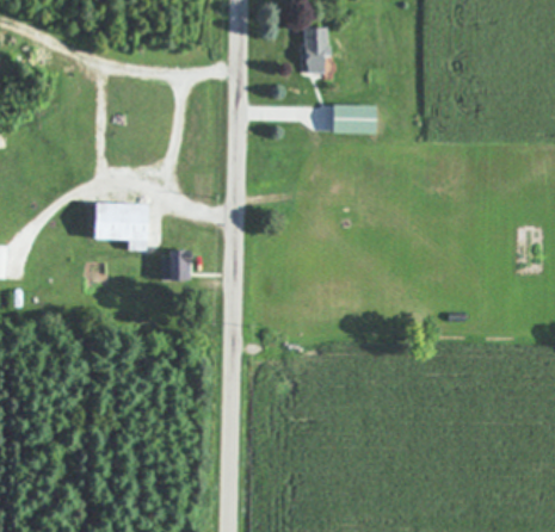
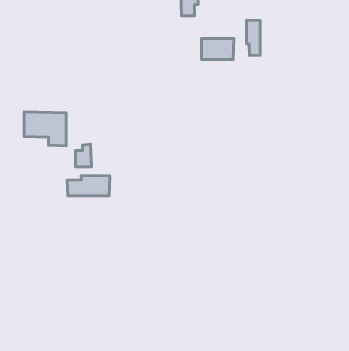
building: none -> [246,20,260,56]
building: none -> [67,176,110,196]

